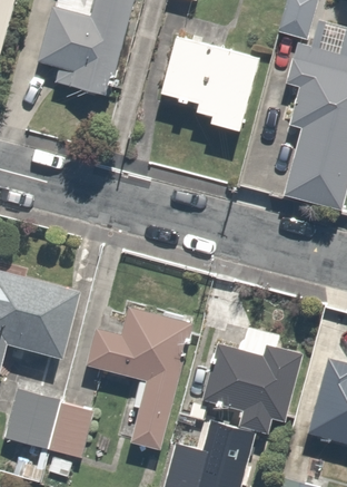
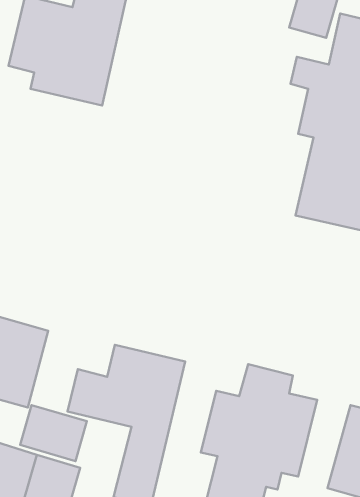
building: [153,33,266,134] -> none
building: none -> [20,405,87,461]

